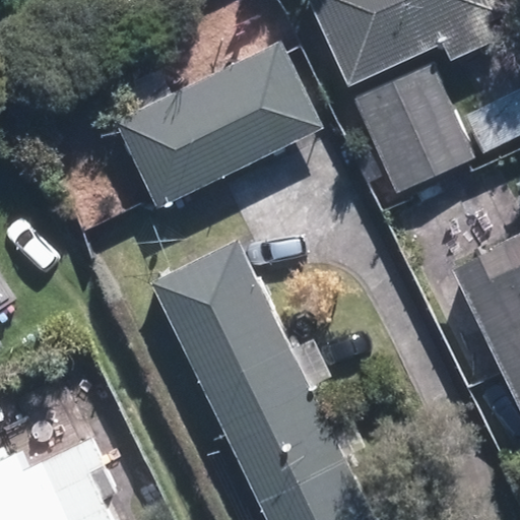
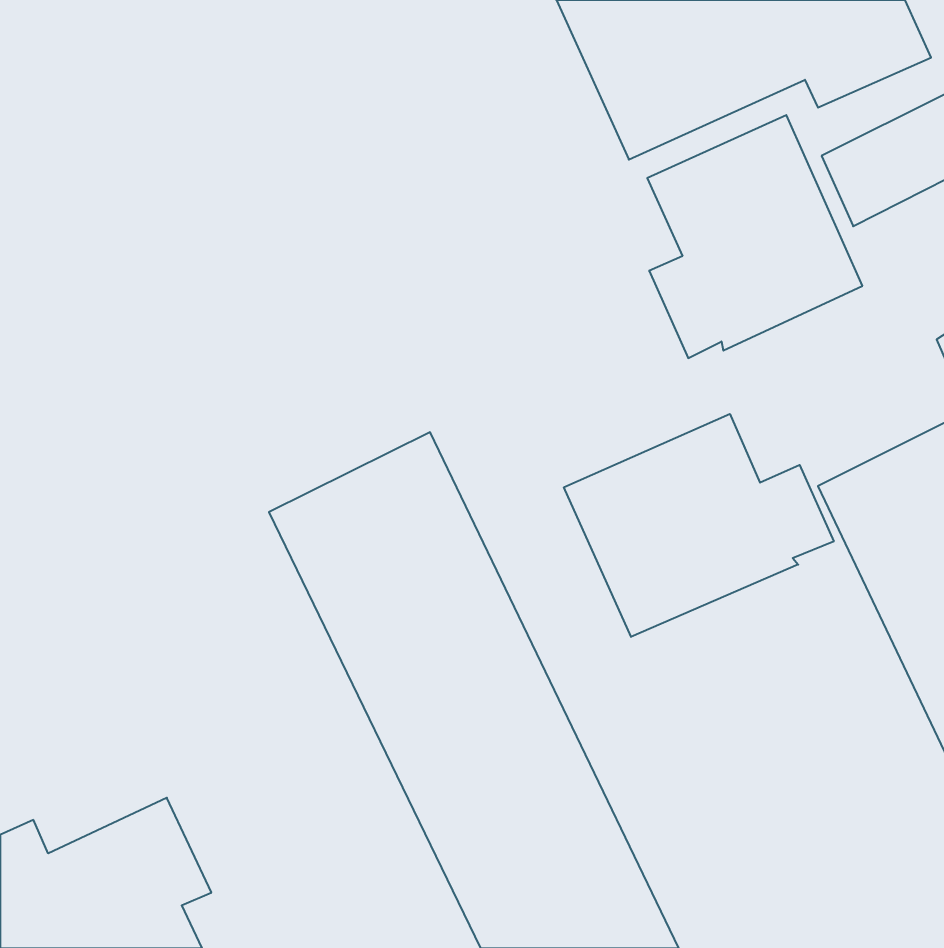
building: [115,40,324,210] -> none
building: none -> [564,414,834,637]

